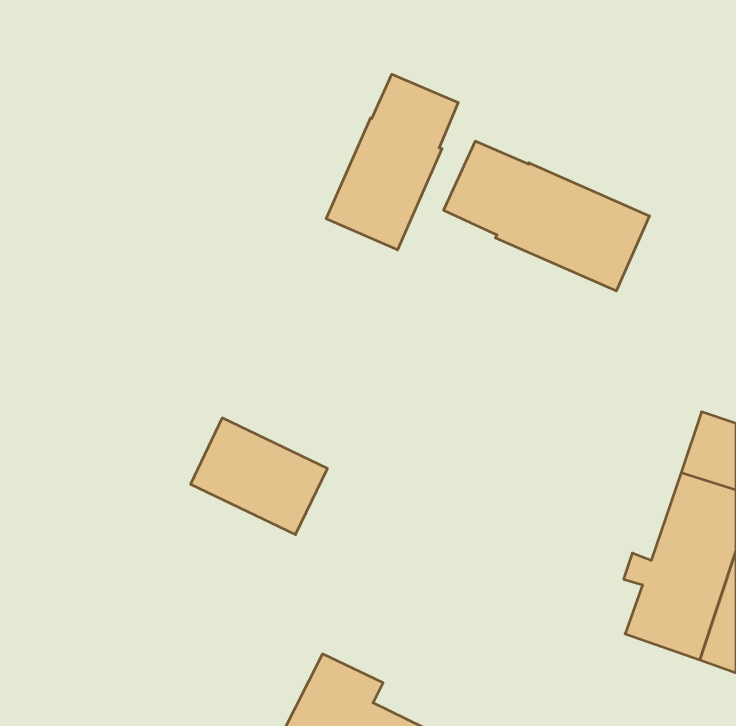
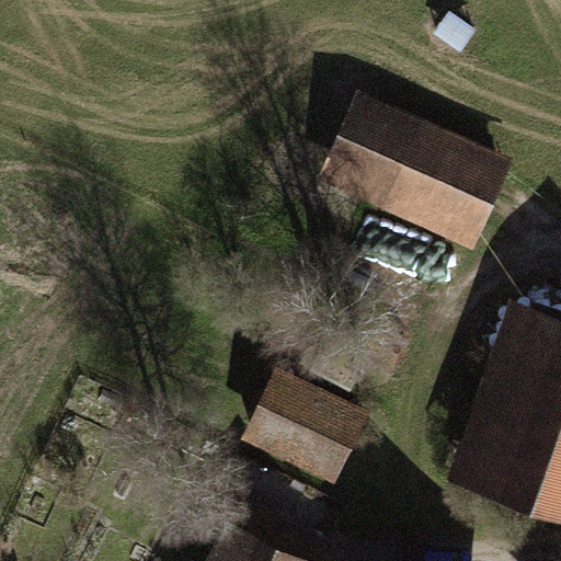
building: [326,74,458,250] -> none
building: [191,418,327,535] -> [251,382,355,471]

